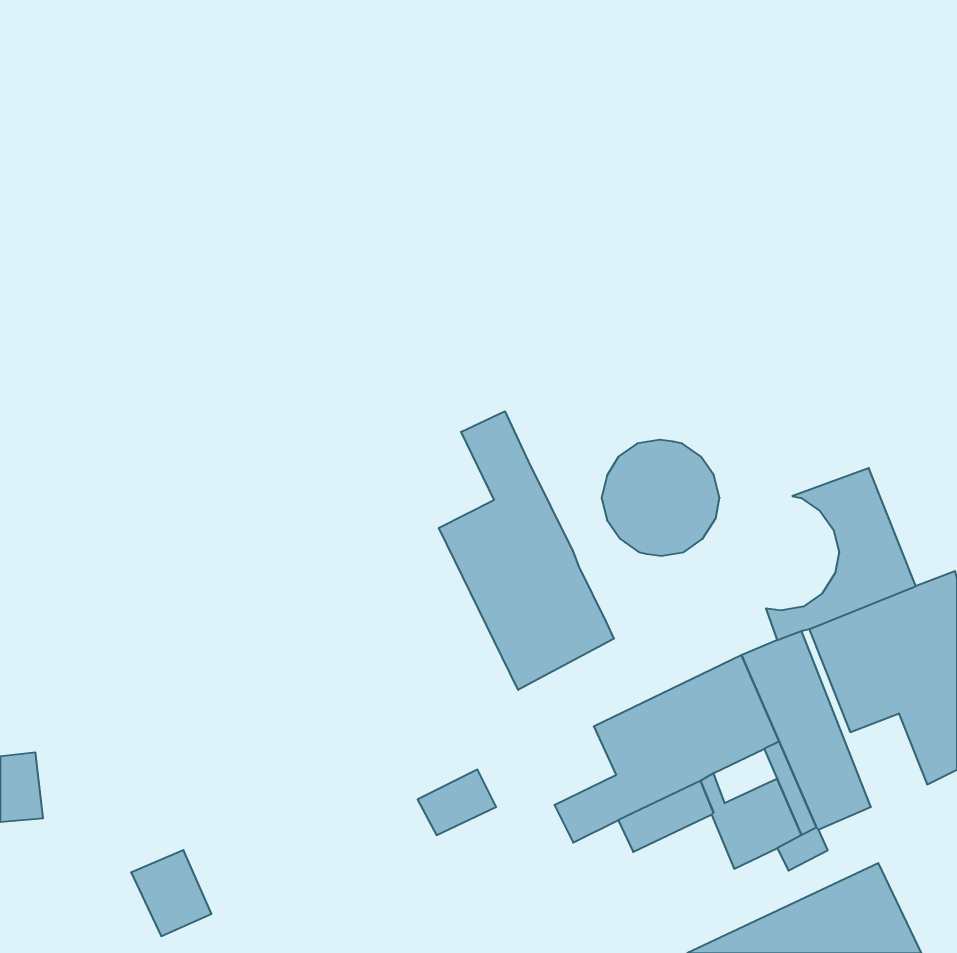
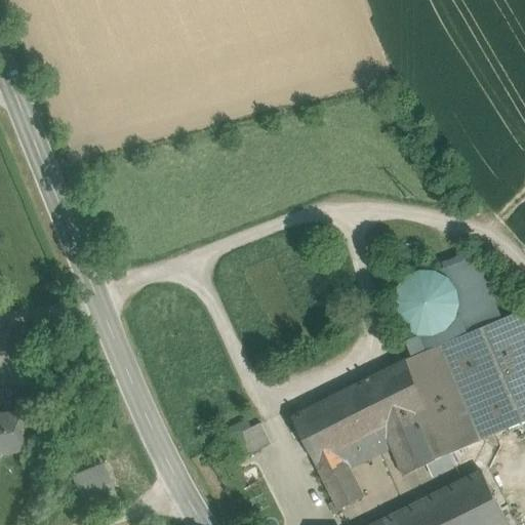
building: [439,411,614,690] -> none
building: [602,440,720,556] -> [395,271,459,334]
building: none -> [466,391,508,440]
building: none -> [291,398,337,441]
building: none -> [391,410,426,440]
building: none -> [314,449,361,508]

